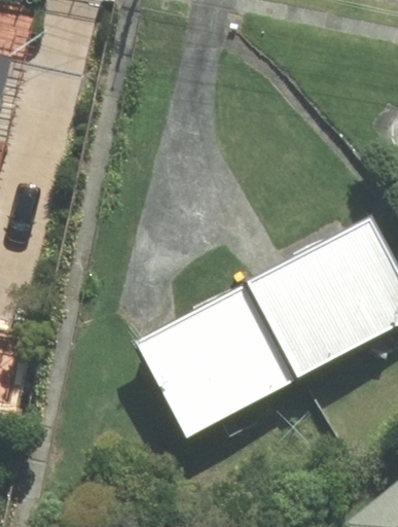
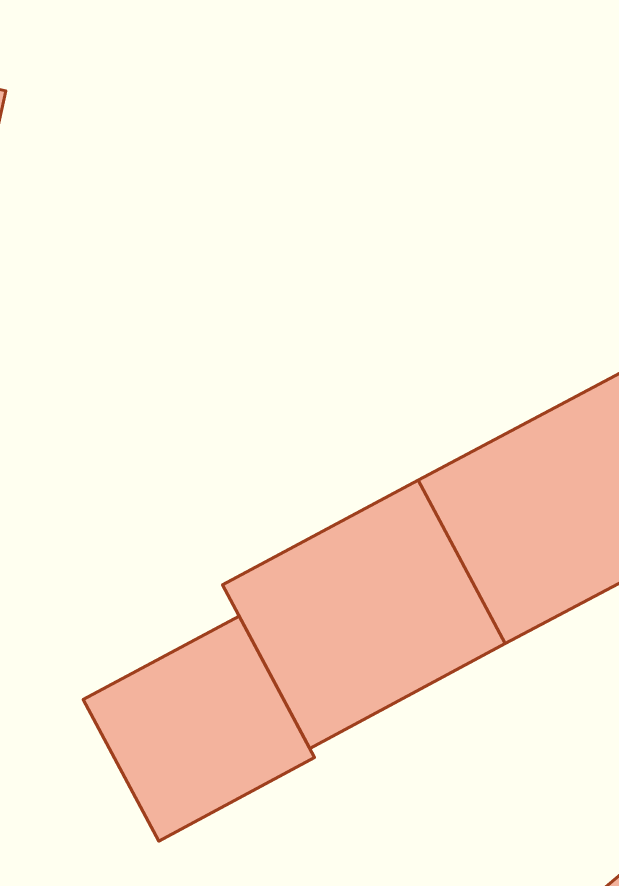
building: none -> [83,616,315,841]

